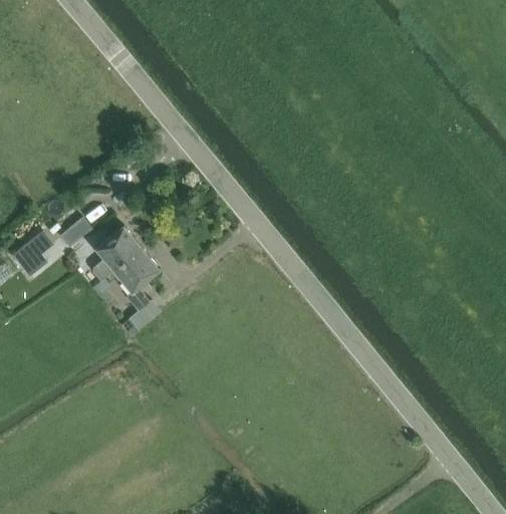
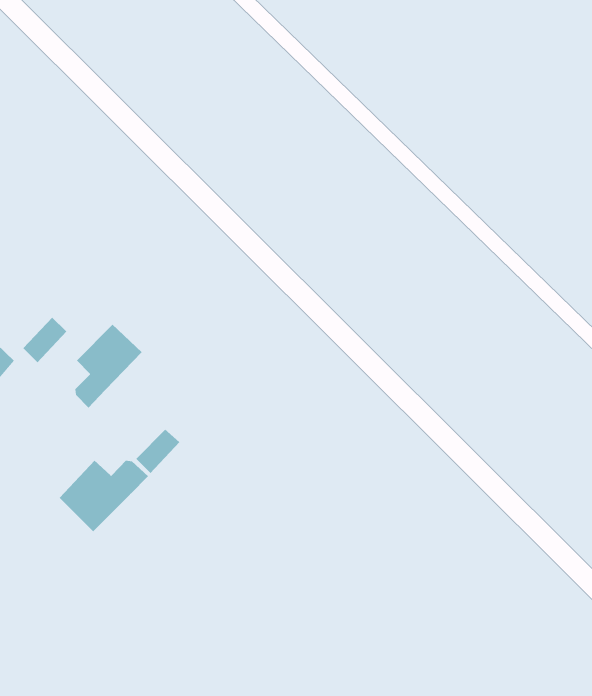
building: [112,248,158,293] -> none
building: none -> [59,460,149,532]

